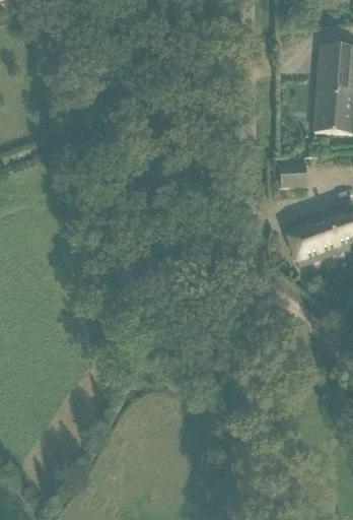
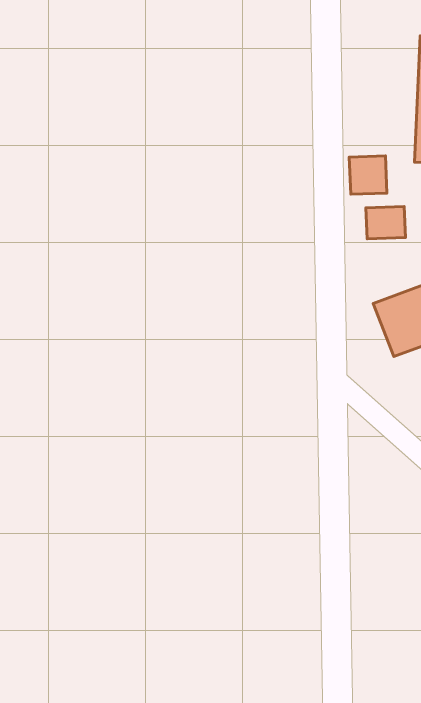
building: none -> [349,156,387,194]

